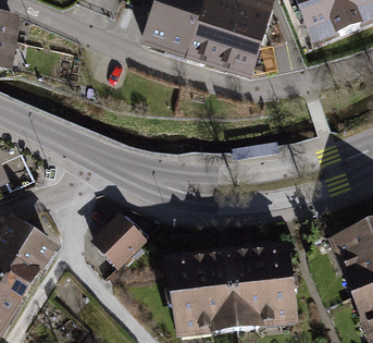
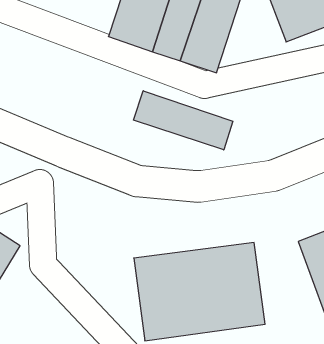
building: none -> [133,91,233,150]
building: [92,211,148,266] -> none

